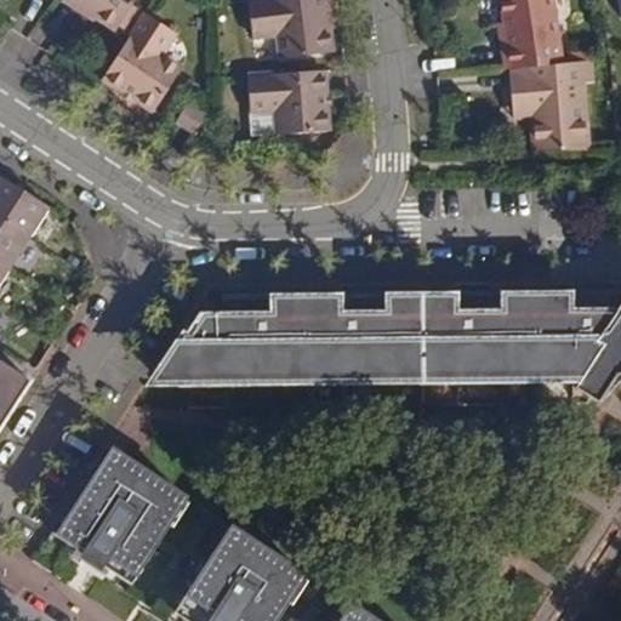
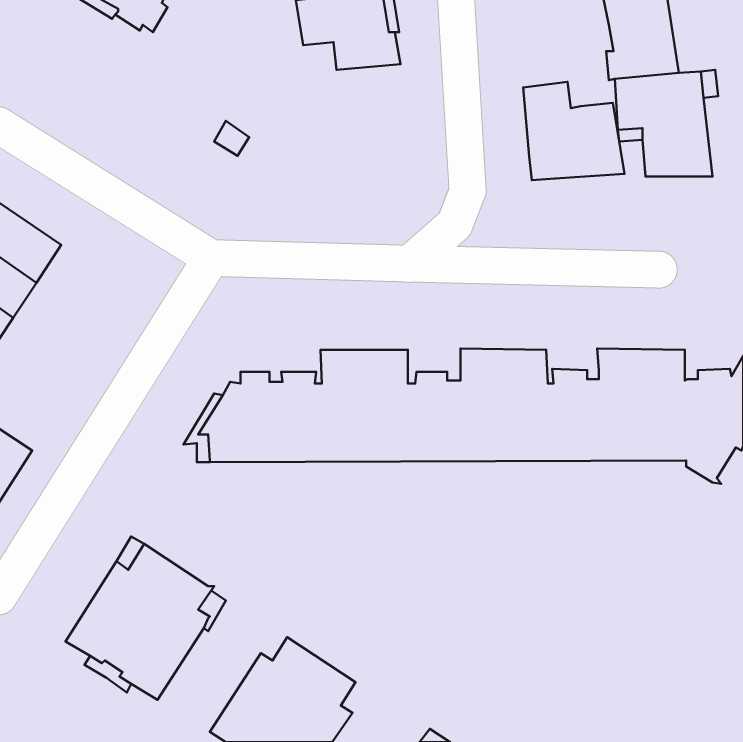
building: [104,10,184,108] -> none
building: none -> [523,82,625,180]
building: [249,69,330,136] -> none

